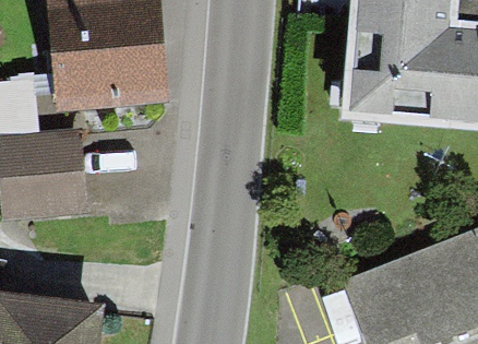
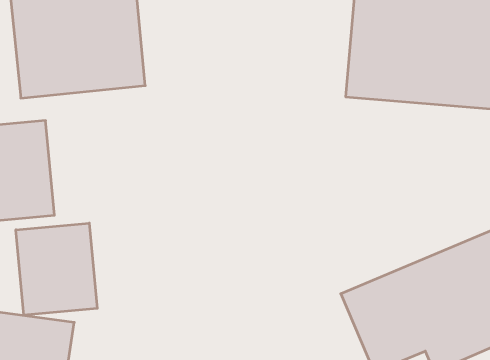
building: none -> [16,223,97,315]

